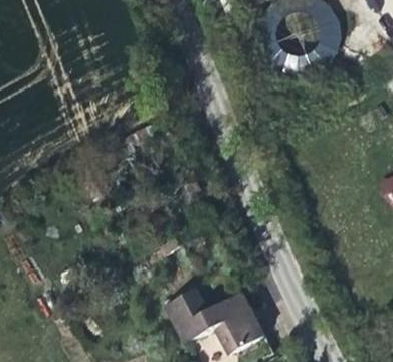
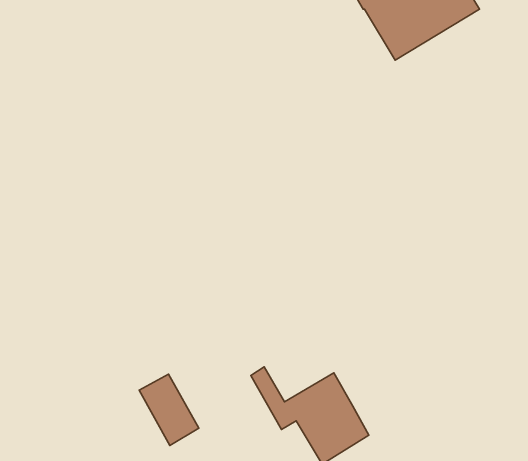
building: [164,295,205,344] -> [139,374,199,445]

